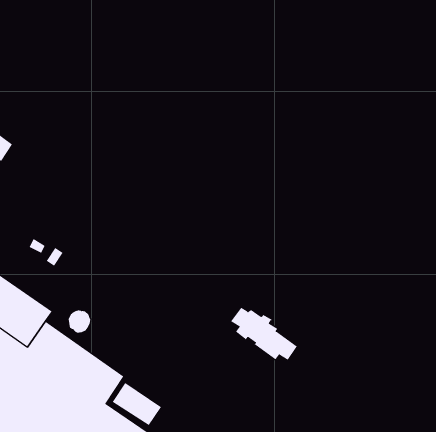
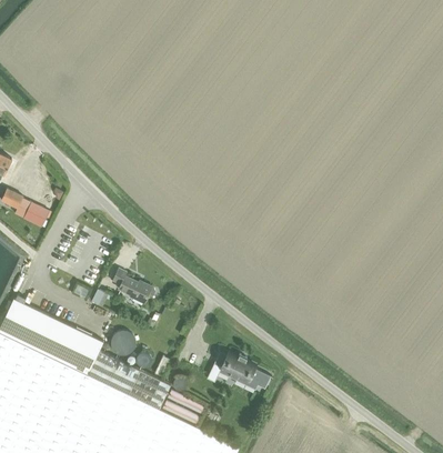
building: none -> [111,269,153,304]
building: [230,306,299,361] -> [212,352,271,391]

